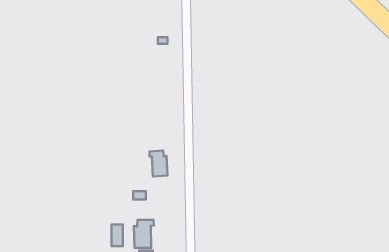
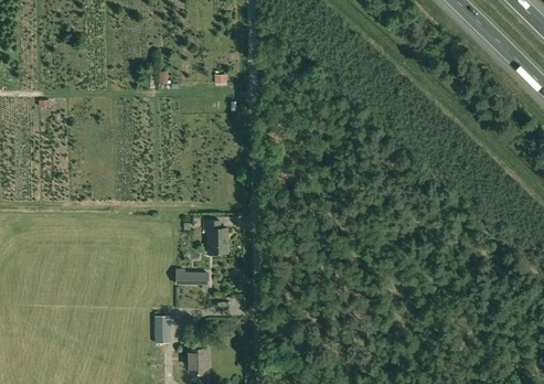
building: [134,220,154,248] -> none

